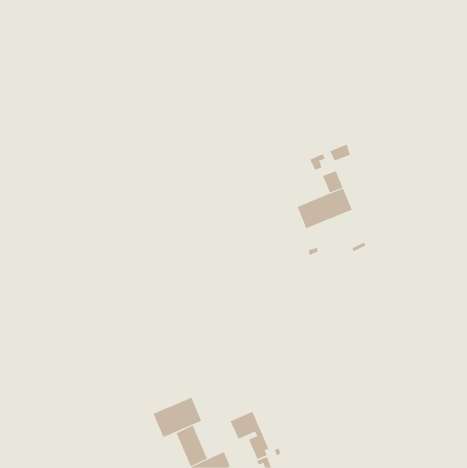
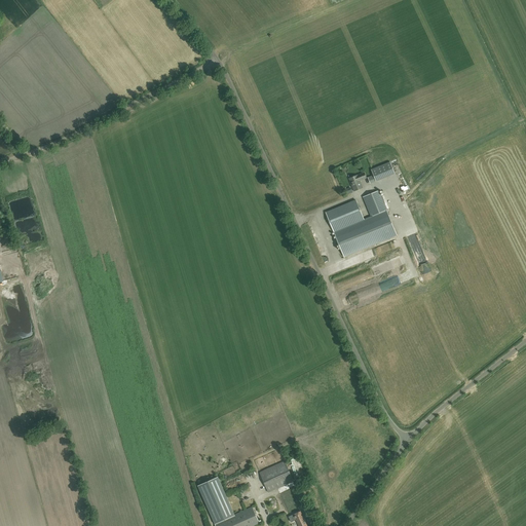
building: none -> [325,200,363,232]
building: [153,397,202,438] -> none

